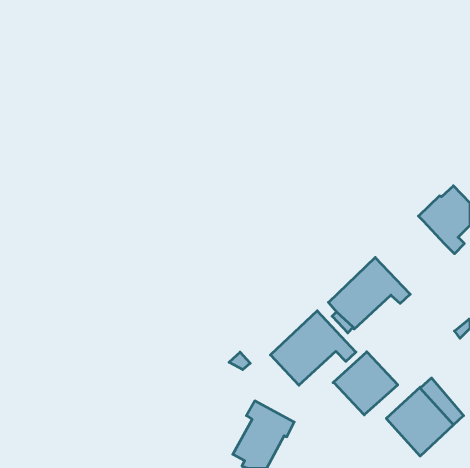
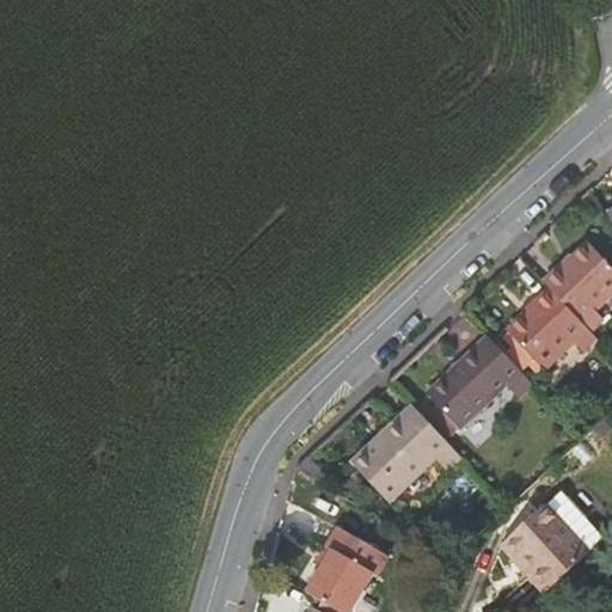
building: none -> [508,287,595,368]
building: [333,352,398,415] -> none

